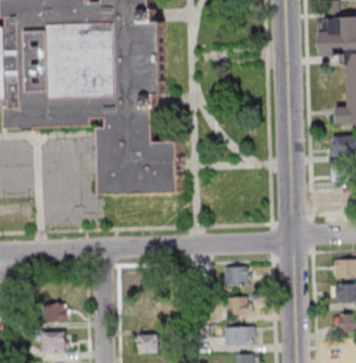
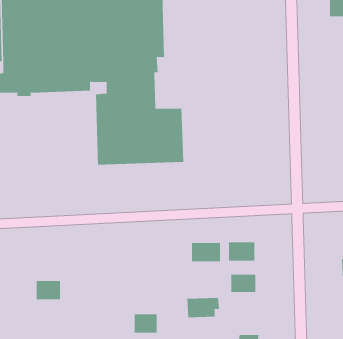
building: none -> [191,242,220,262]
building: [223,326,254,345] -> [186,298,220,318]
building: [39,331,68,351] -> none

